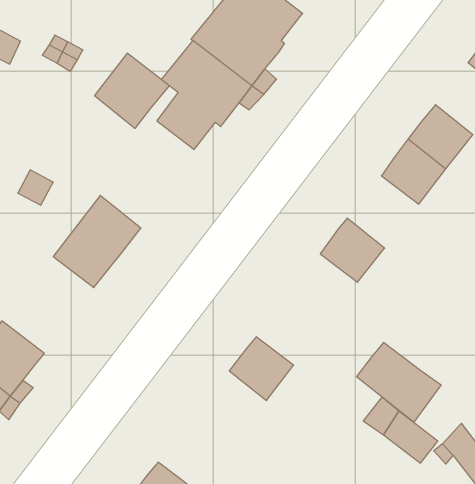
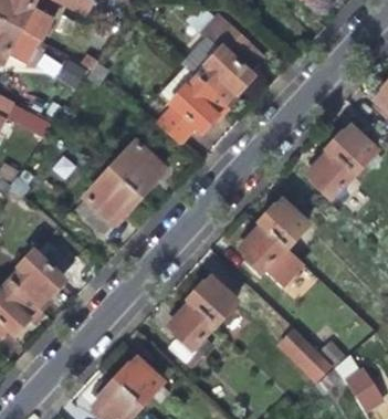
building: [95,53,170,128] -> [111,143,164,196]
building: [357,343,441,422] -> [240,224,298,282]
building: none -> [168,301,222,366]

